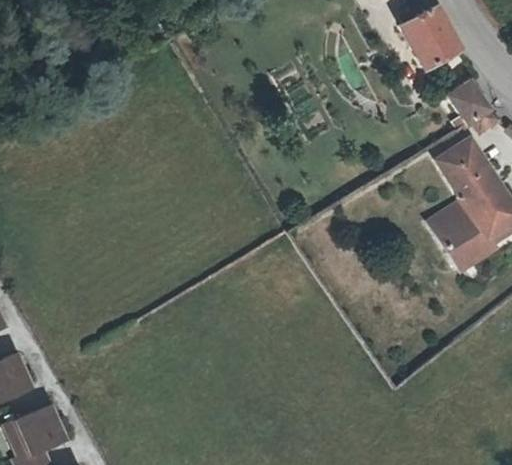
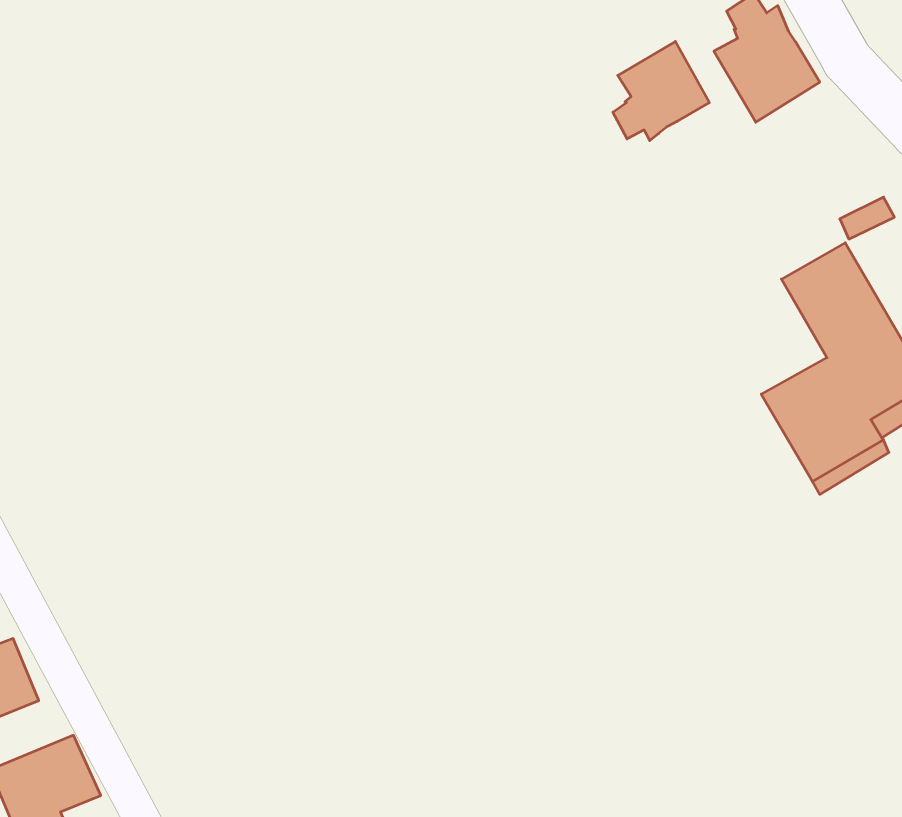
building: none -> [613,41,709,141]
building: [447,78,490,123] -> none

